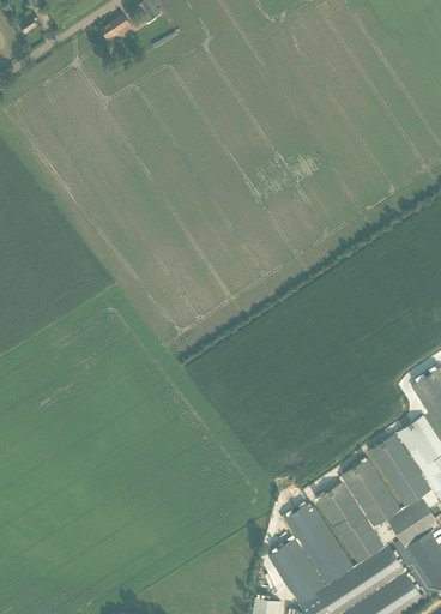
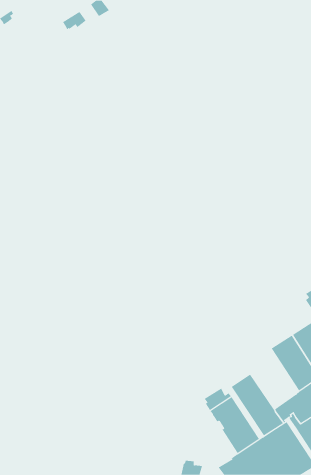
building: [337,458,399,528] -> none
building: [267,535,324,603] -> none

